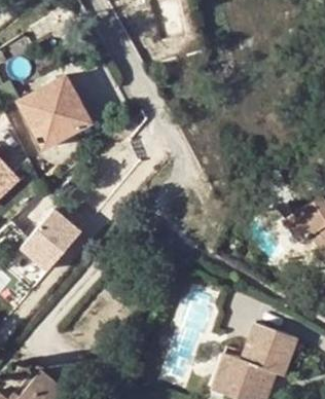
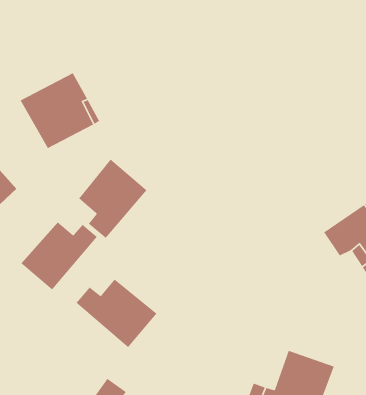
building: none -> [78,159,148,239]
building: none -> [75,279,158,348]

